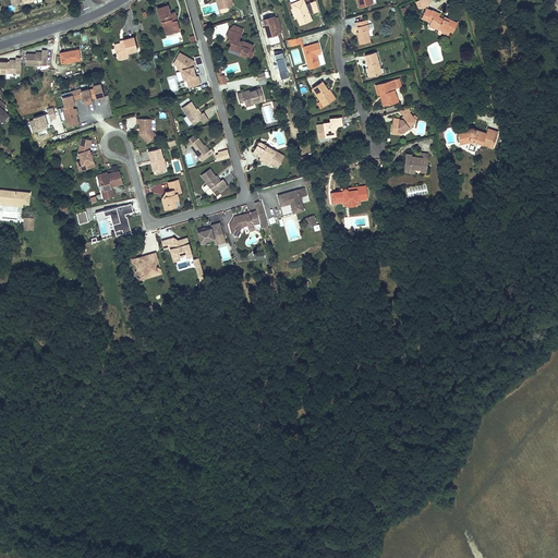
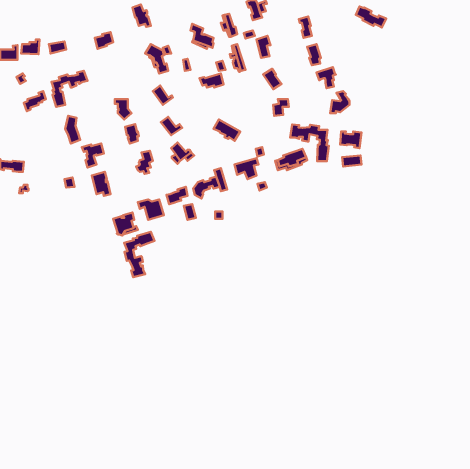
building: [458,128,498,148] -> none
building: none -> [290,124,329,161]
building: none -> [124,232,155,277]

